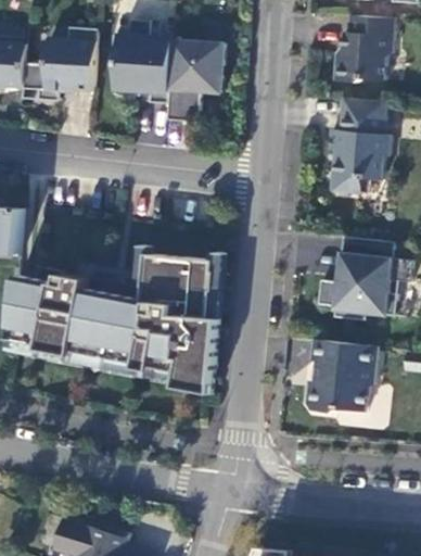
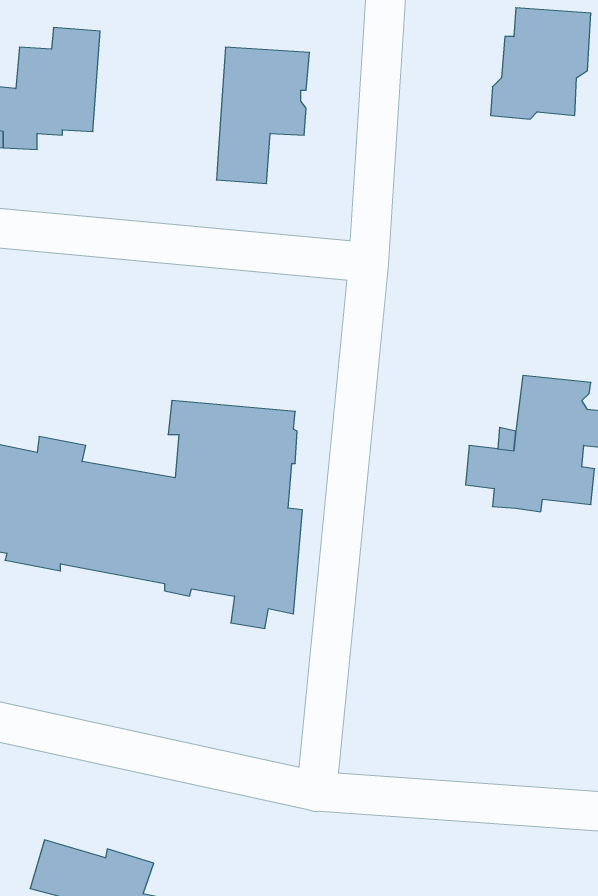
building: [111,20,173,104] -> none
building: [328,99,390,194] -> none
building: [305,340,377,414] -> none

